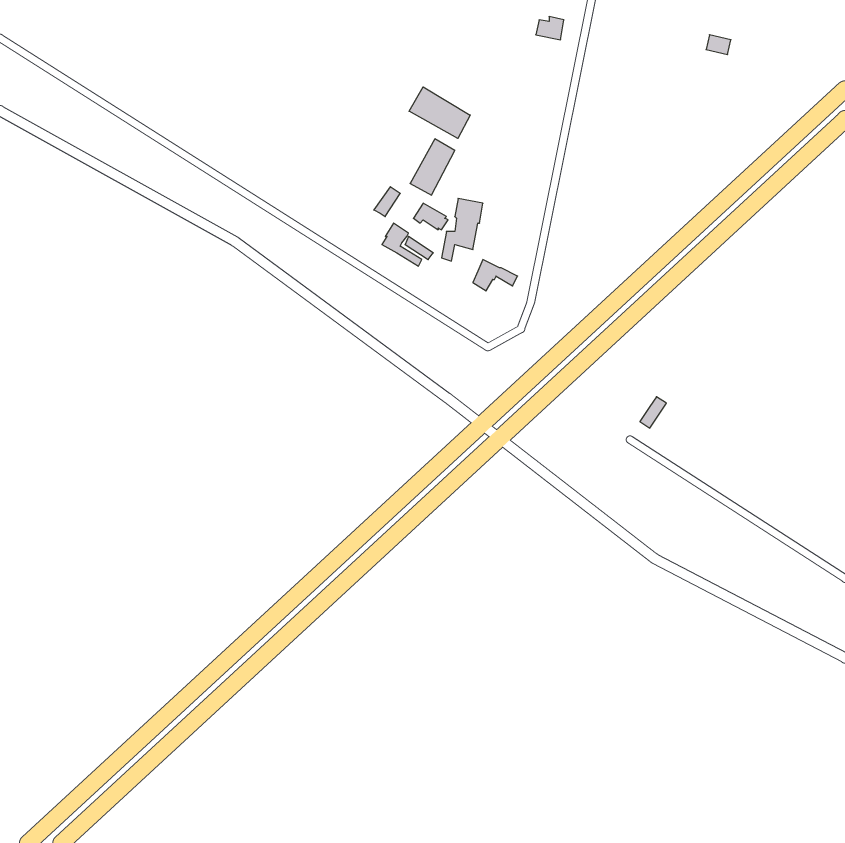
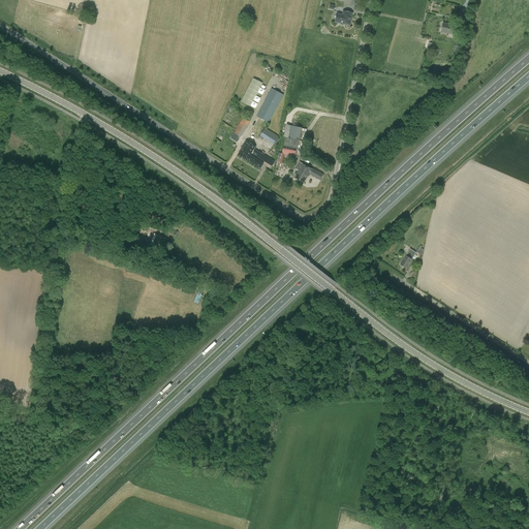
building: [409,87,470,138] -> none

